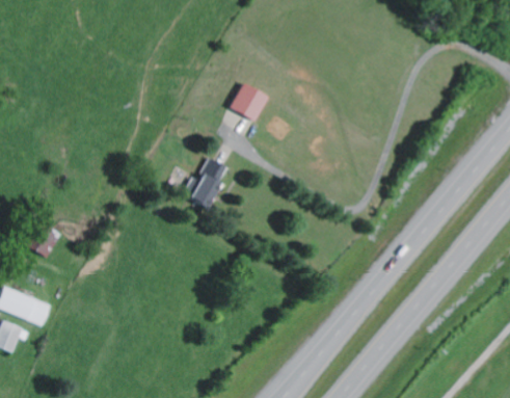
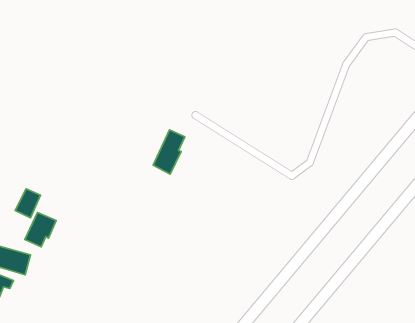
building: [229,82,266,121] -> none
building: none -> [25,213,56,247]

